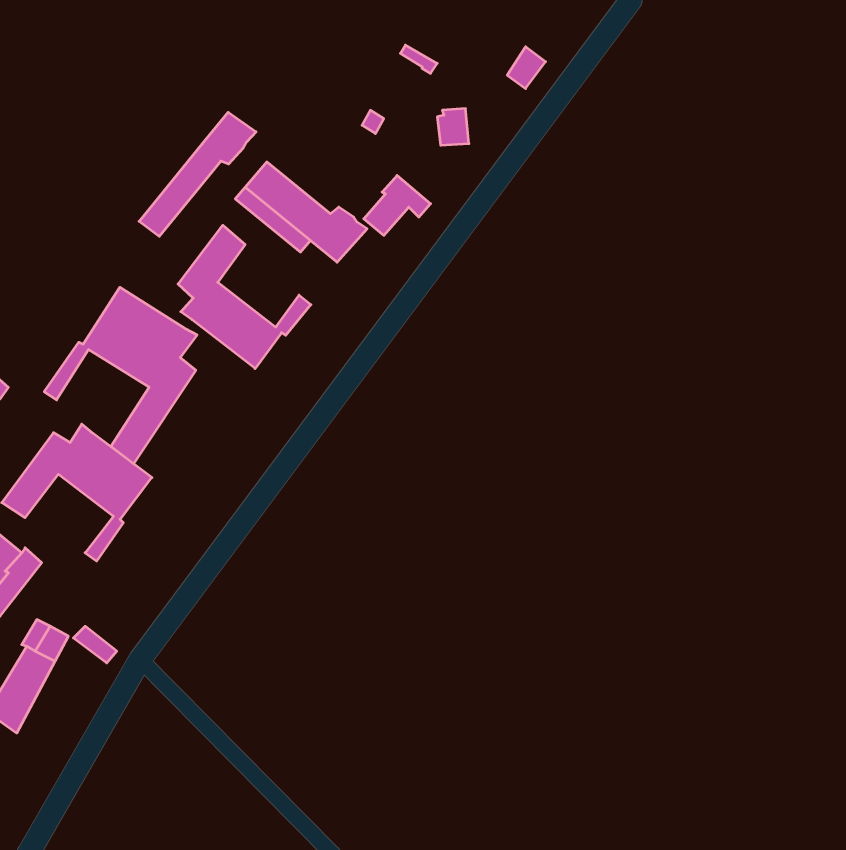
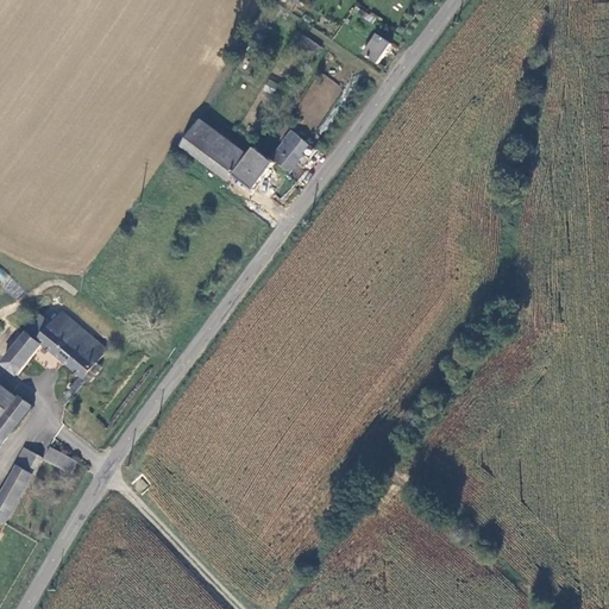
building: [139,112,256,236] -> none
building: [178,225,311,369] -> none
building: [44,287,197,464] -> none

